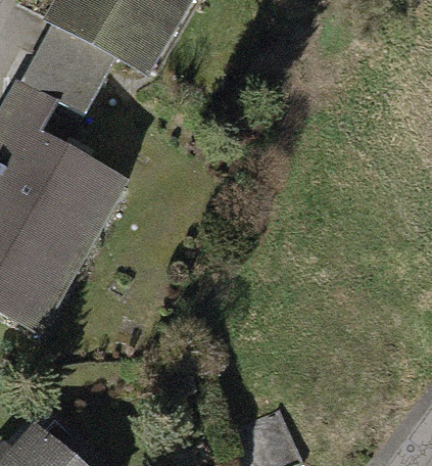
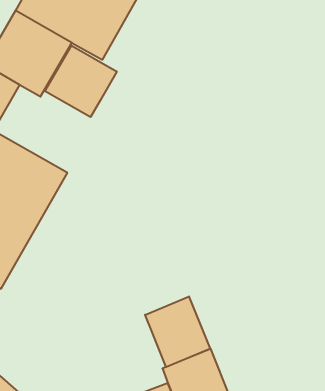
building: none -> [45,46,117,117]
building: none -> [145,296,210,367]

